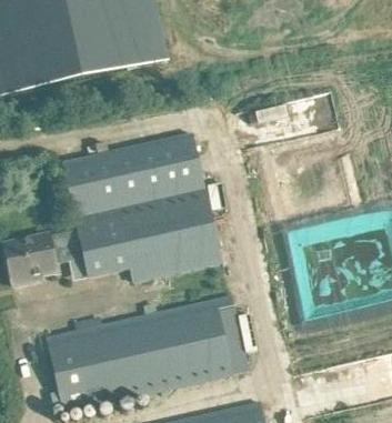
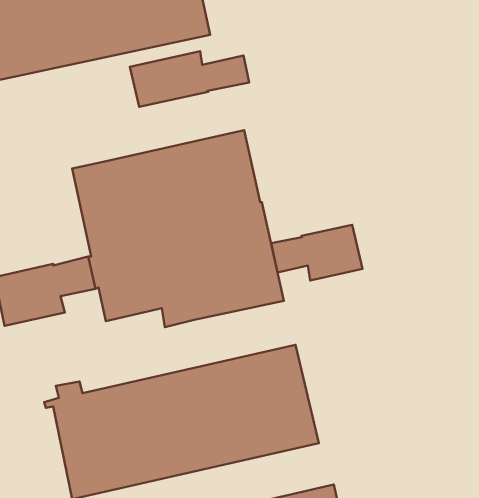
building: none -> [130,51,249,107]
building: none -> [271,225,362,280]

